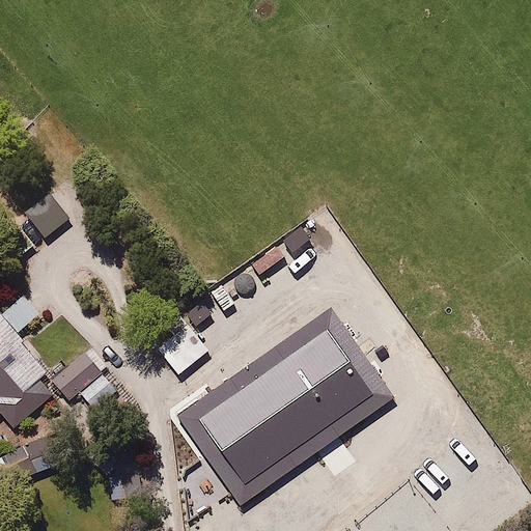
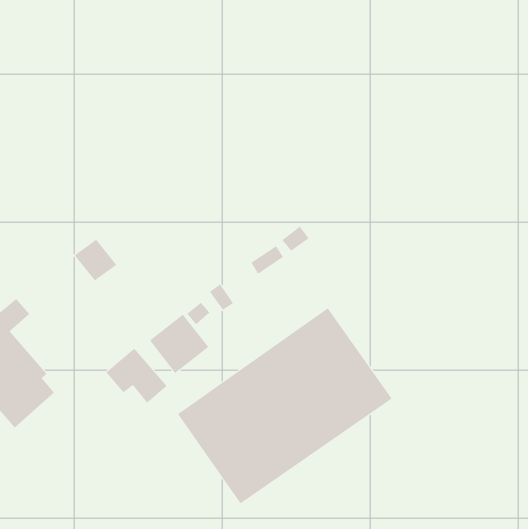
building: [24,197,67,240] -> [74,239,117,281]
building: [51,355,113,411] -> [106,348,168,404]

